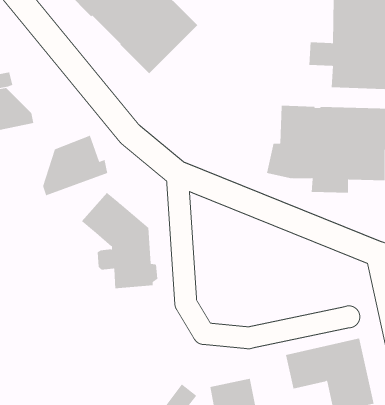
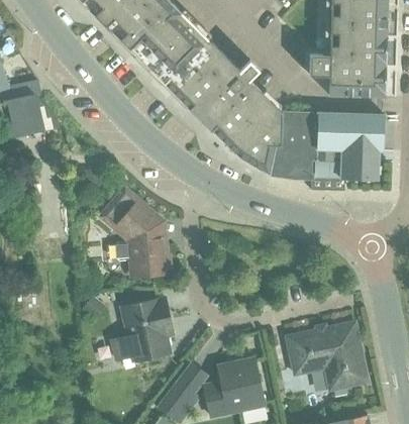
building: none -> [164,38,283,173]
building: [43,135,108,196] -> none
building: none -> [112,298,171,361]

